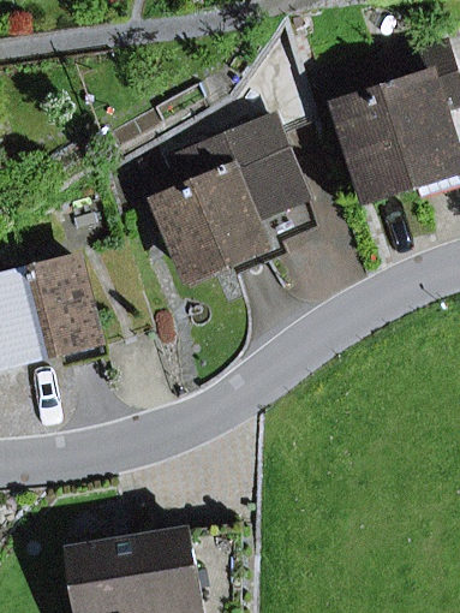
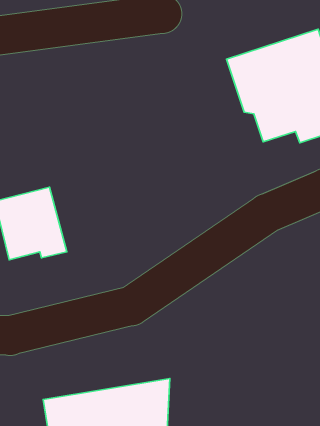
building: [159,118,316,276] -> none

